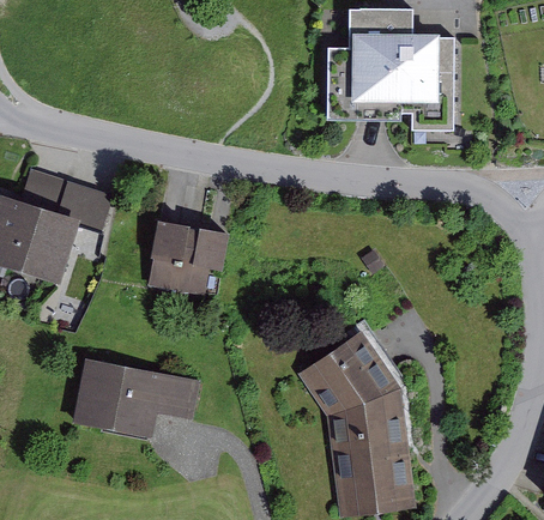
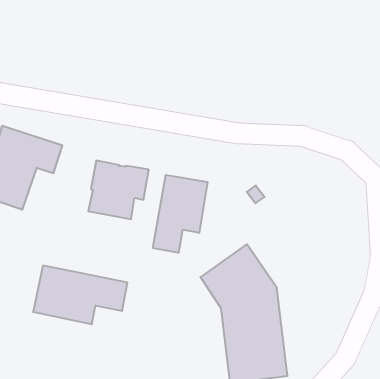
building: [327,6,454,132] -> none
building: none -> [153,175,208,253]

